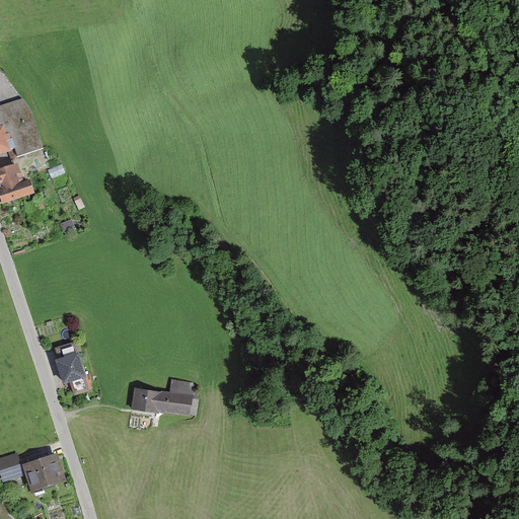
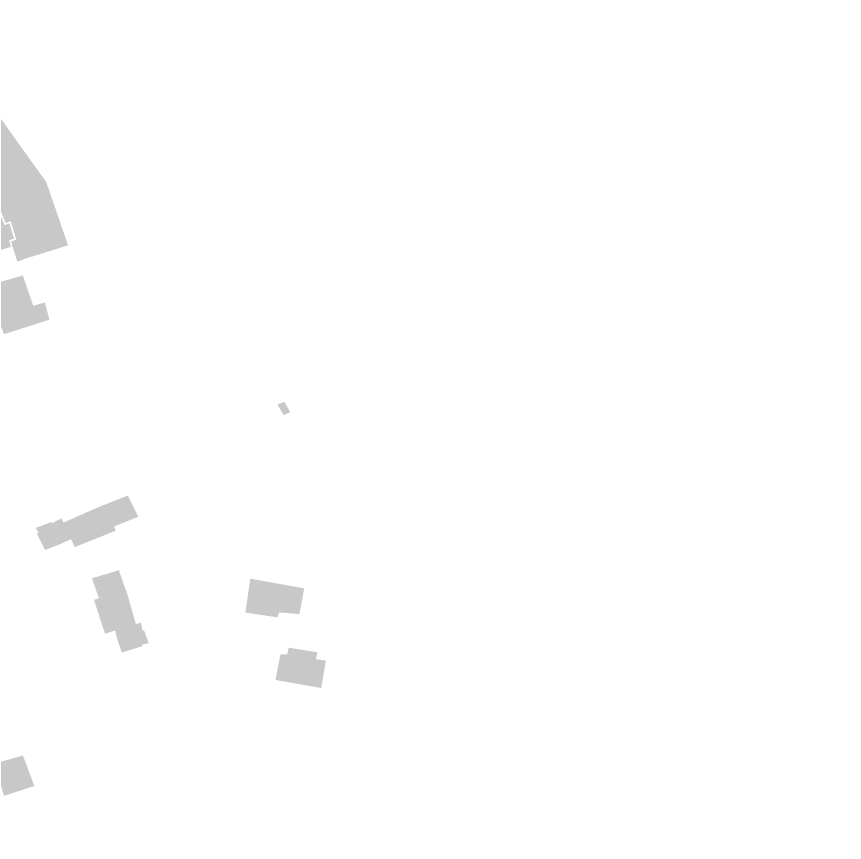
building: none -> [35,494,139,551]
building: [132,387,168,412] -> [245,578,305,618]
building: [23,455,61,492] -> none

